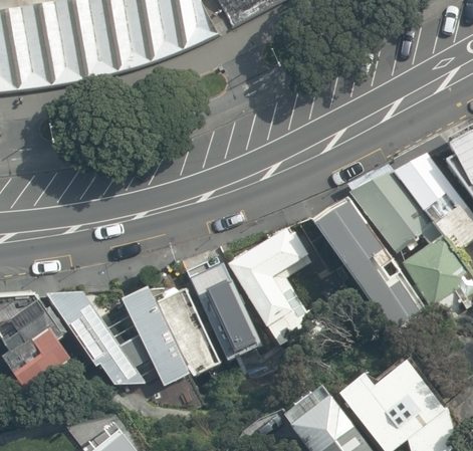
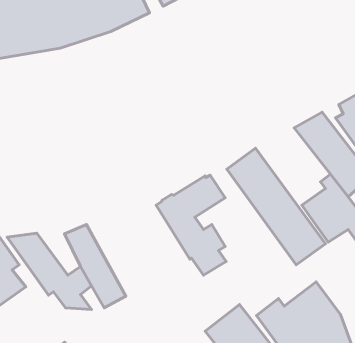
building: [347,170,434,252] -> none
building: [186,259,259,361] -> none
building: [153,290,219,375] -> none

